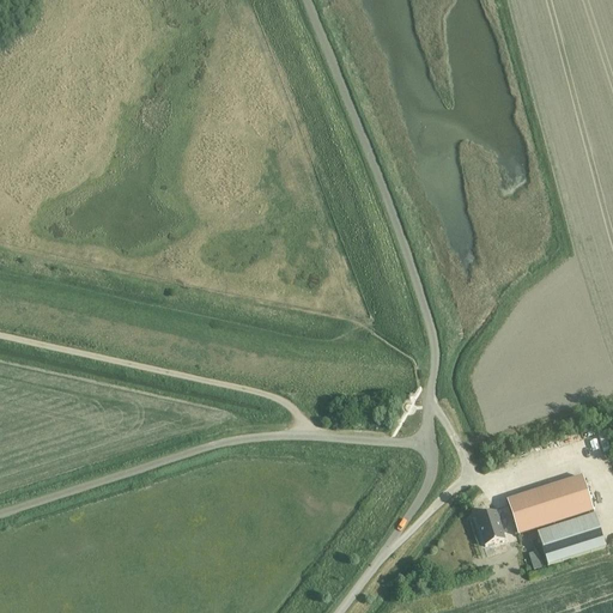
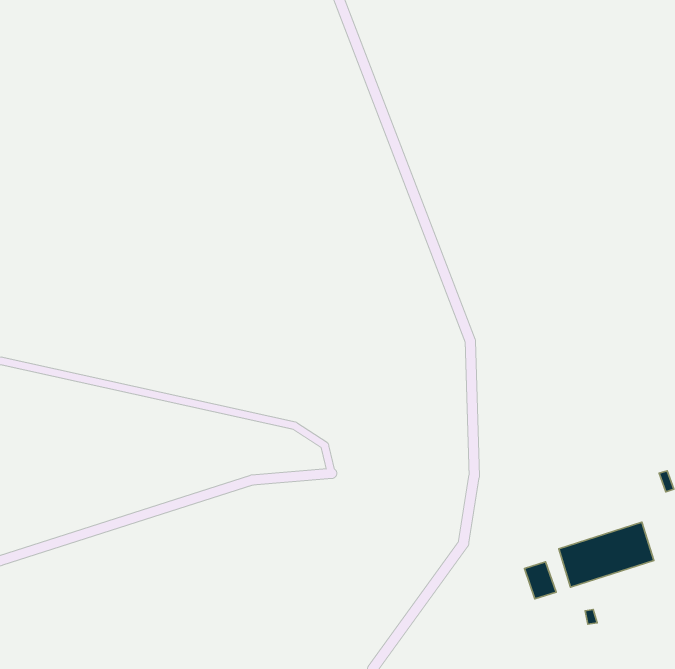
building: [538,511,605,562] -> none

